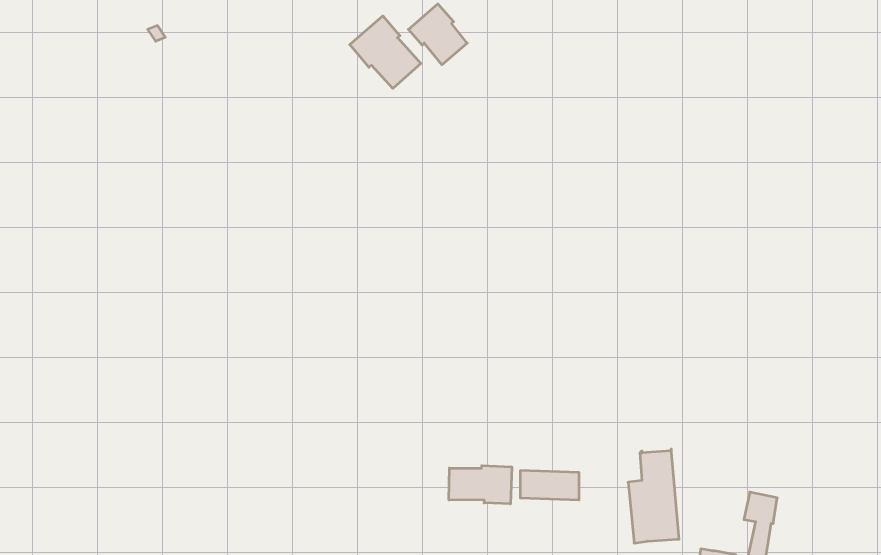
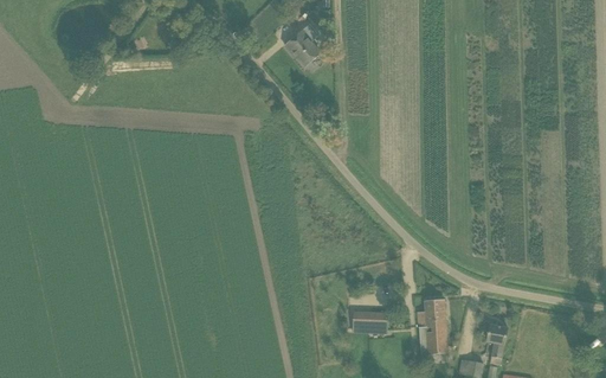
building: [350,16,421,88] -> none
building: [449,466,512,504] -> none

